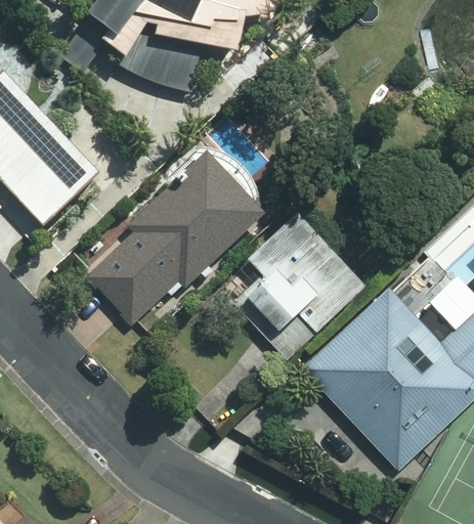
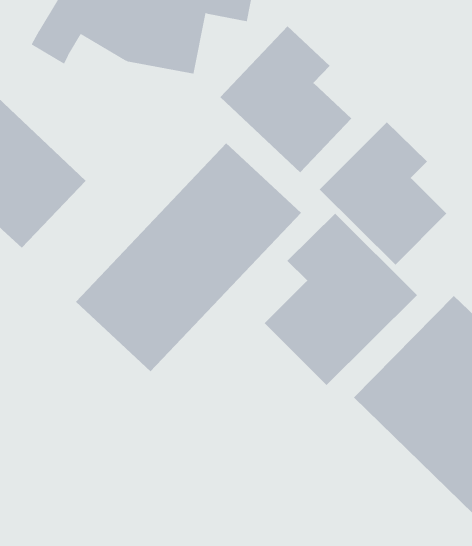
building: none -> [219,26,352,173]
building: none -> [319,121,447,265]

